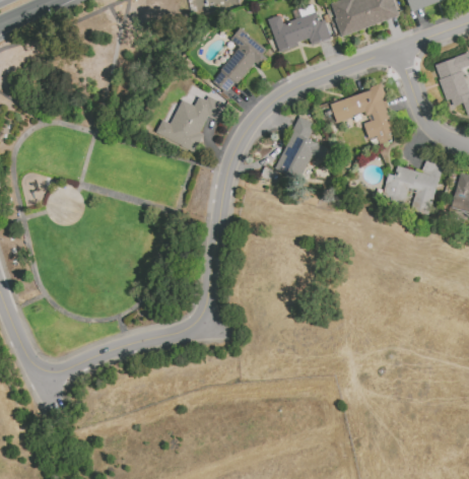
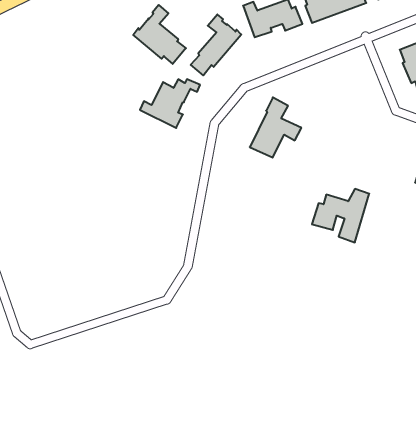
building: none -> [133,5,186,64]
building: [332,83,396,144] -> none
building: [382,158,443,215] -> [312,189,369,242]

